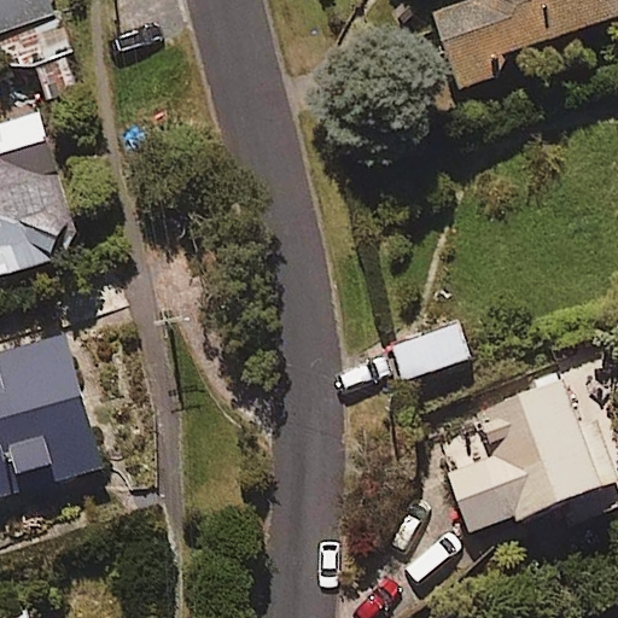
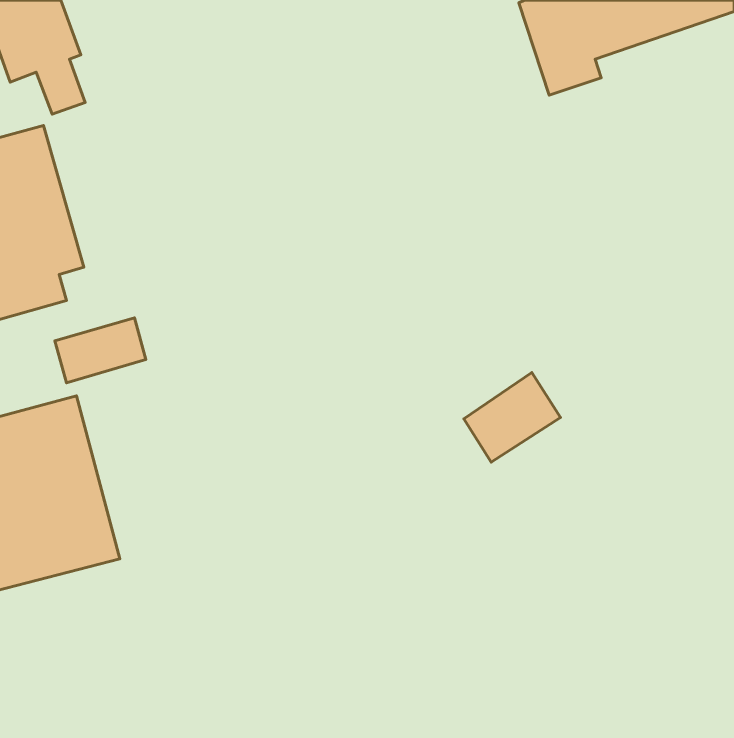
building: [448,393,602,541] -> none

